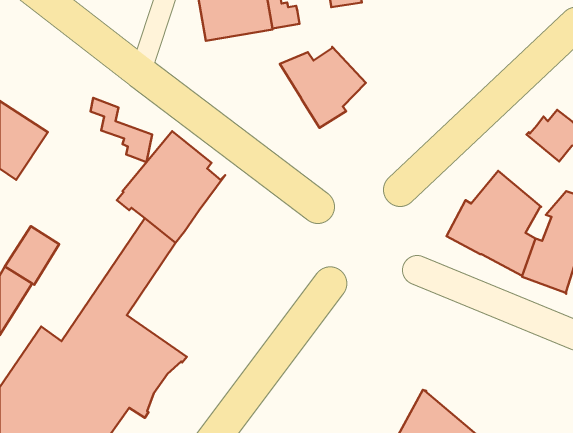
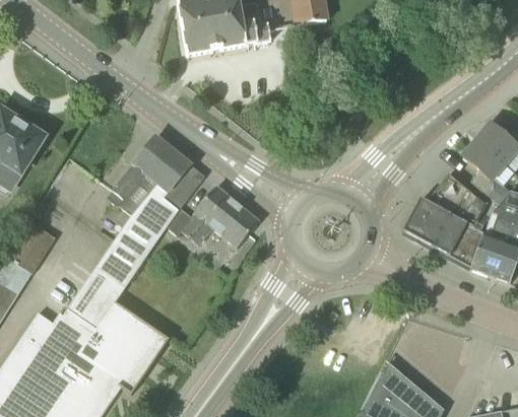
building: [280,47,366,128] -> none
building: [90,98,152,162] -> none
building: none -> [462,139,505,196]
building: none -> [168,186,260,248]

